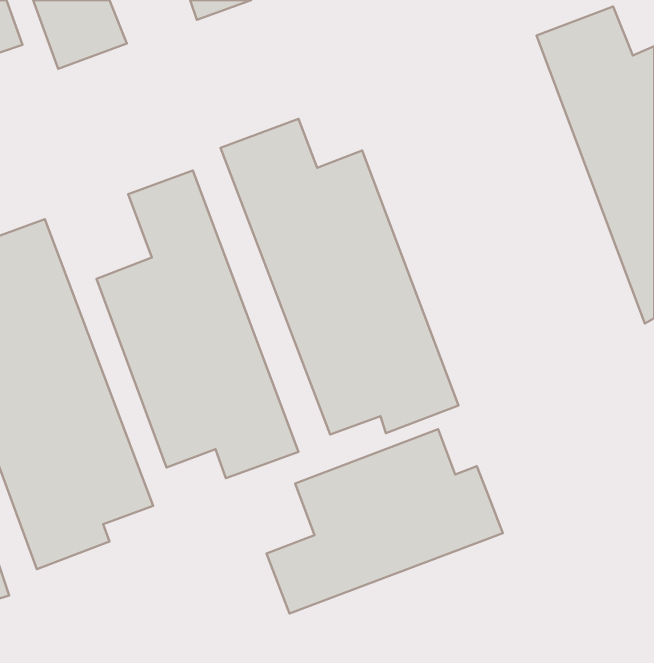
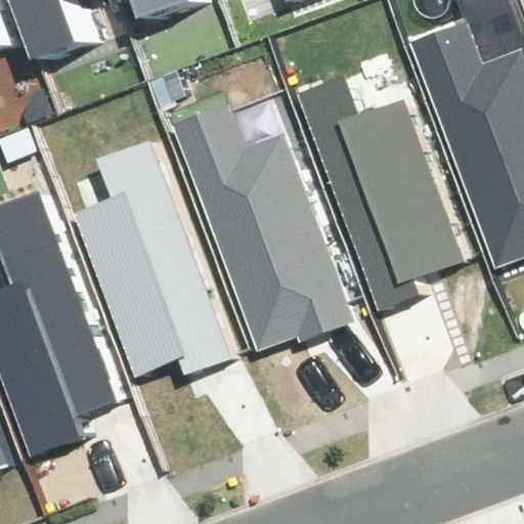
building: none -> [296,84,458,289]
building: [266,429,503,613] -> none

